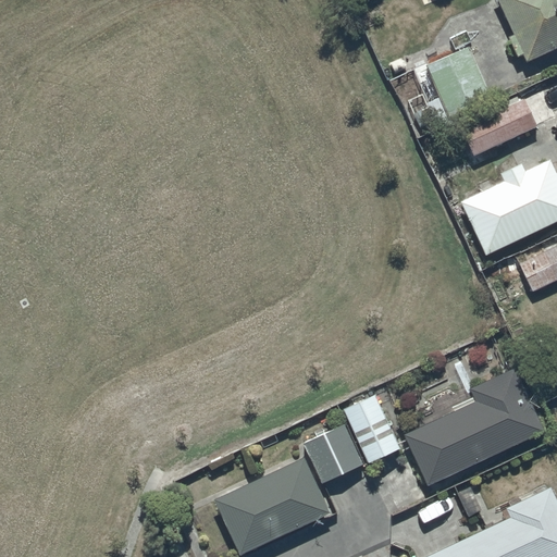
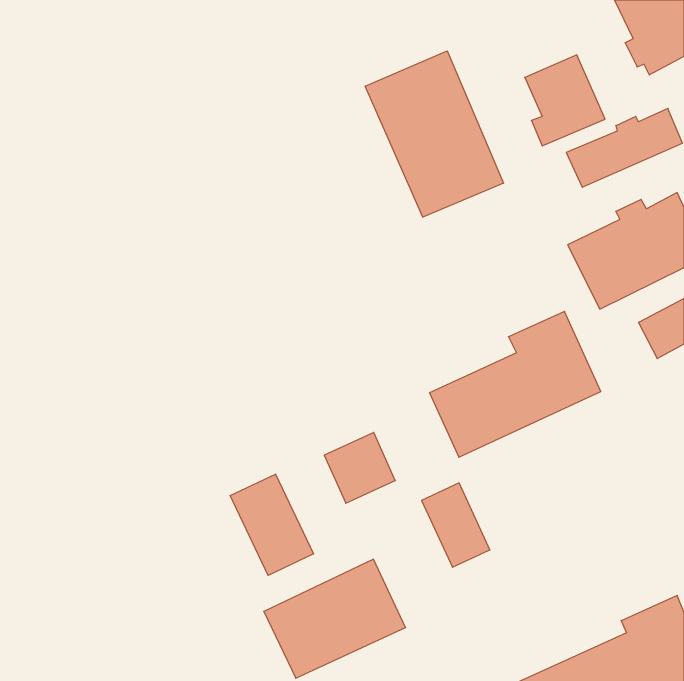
building: none -> [365,51,503,217]
building: [405,368,544,486] -> [429,311,601,457]
building: none -> [230,474,314,575]
building: [304,425,361,483] -> [324,432,395,503]

